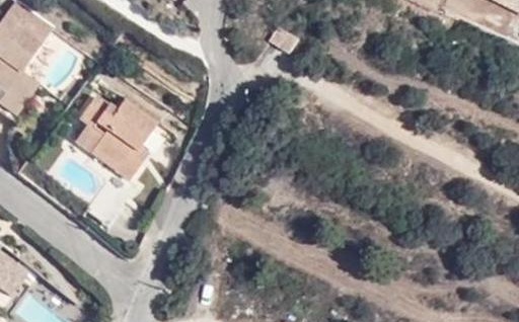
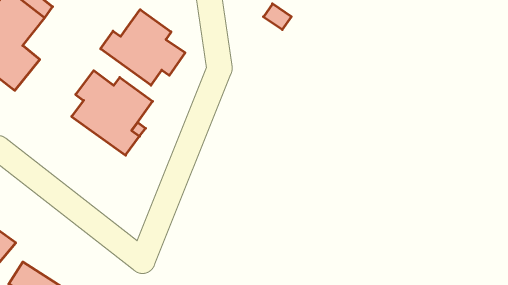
building: none -> [101,10,185,85]

